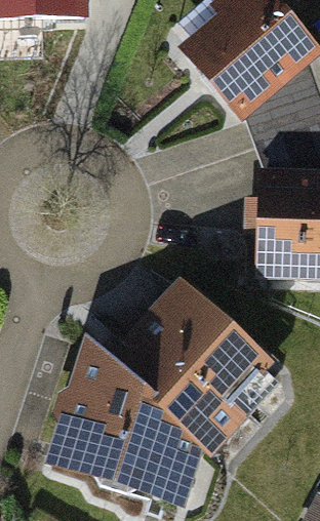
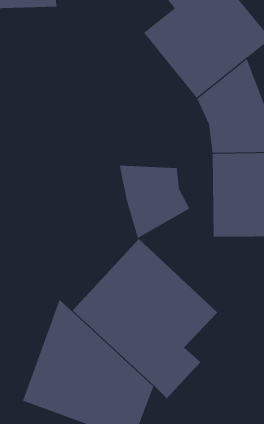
building: none -> [119,165,190,239]

